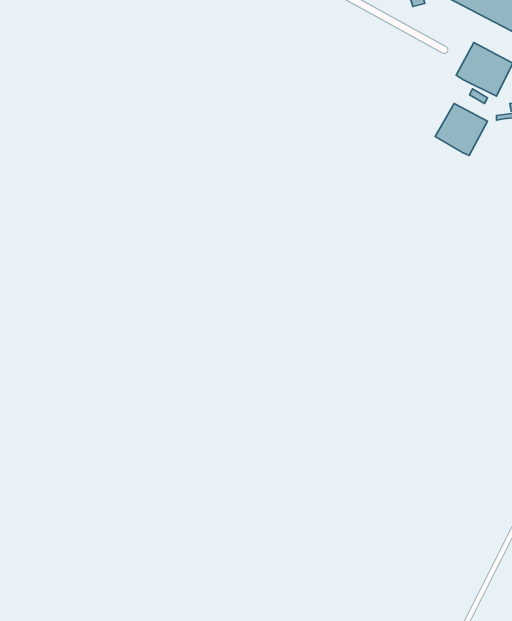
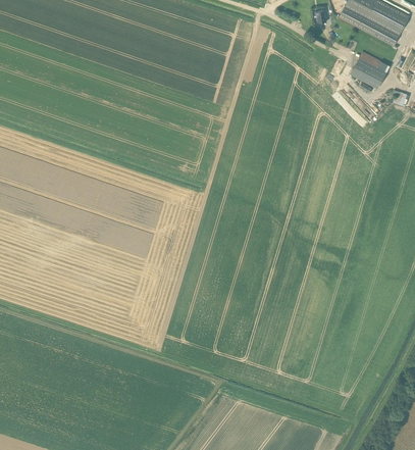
building: [435,103,487,156] -> none

